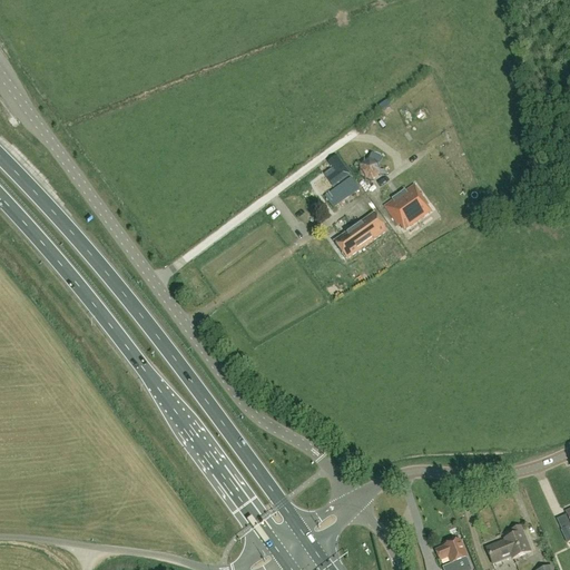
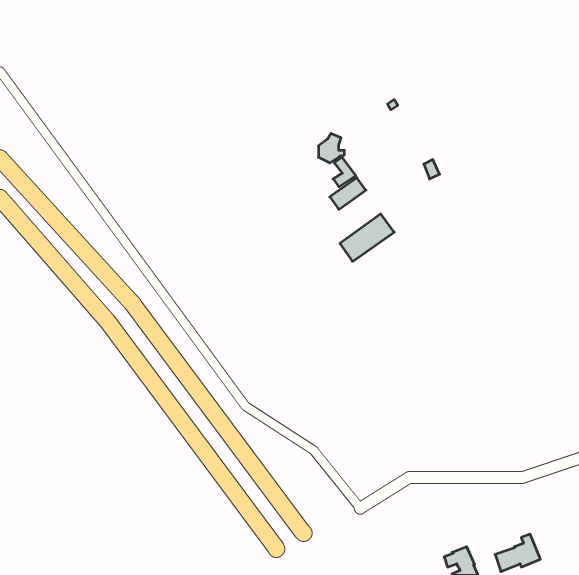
building: [360,150,385,179] -> [318,133,344,163]
building: [383,183,429,226] -> none

